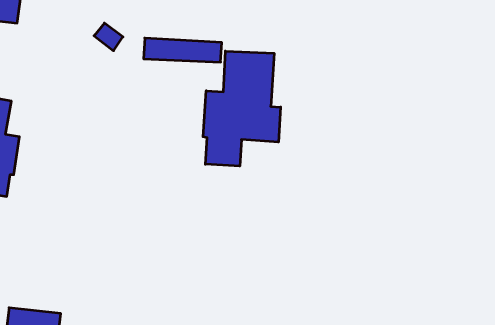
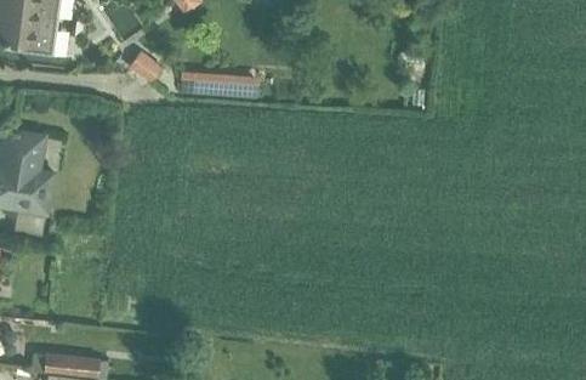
building: [203,51,281,166] -> none

